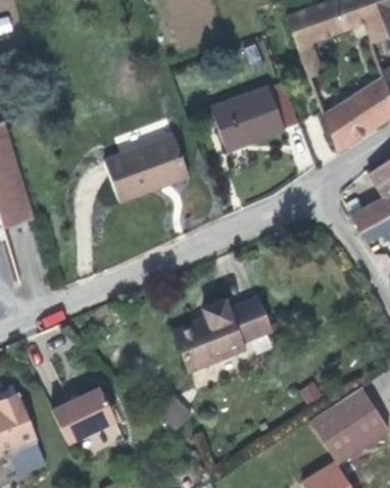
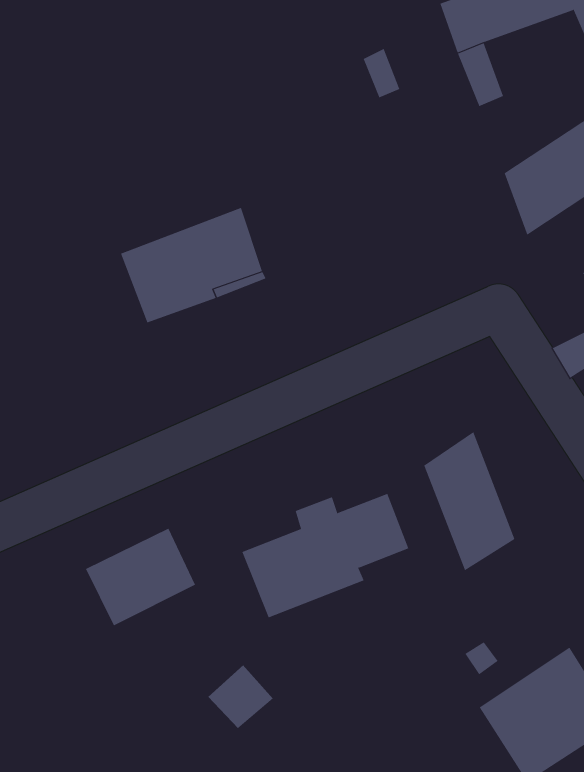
building: [211,82,299,149] -> none
building: none -> [424,431,515,571]
building: [52,387,115,443] -> [85,528,196,626]

